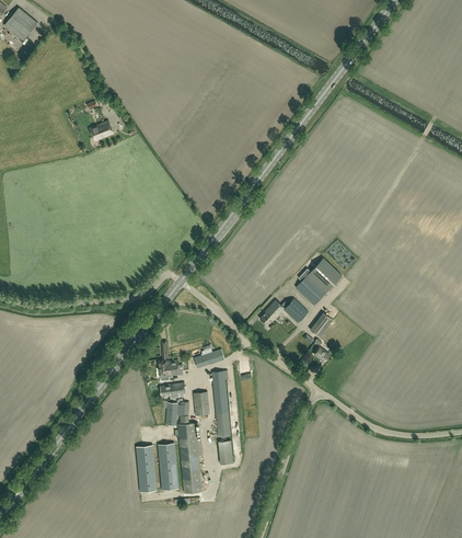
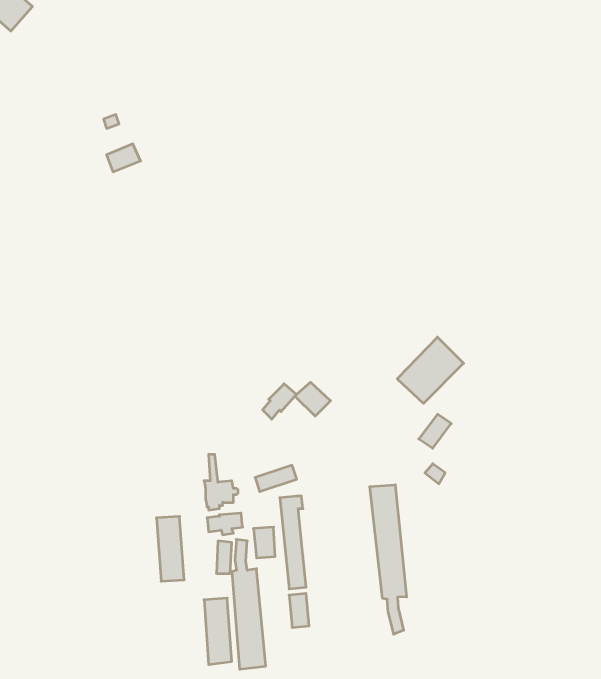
building: [261,298,309,324] -> [263,382,331,419]
building: none -> [370,485,407,634]
building: [137,445,157,491] -> [156,516,184,581]

